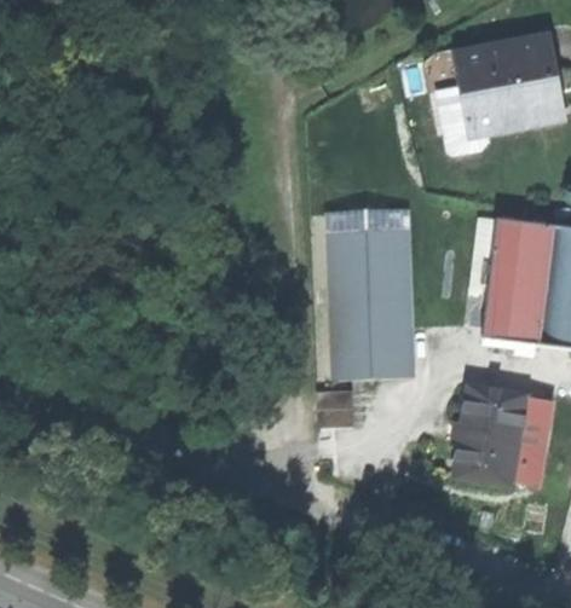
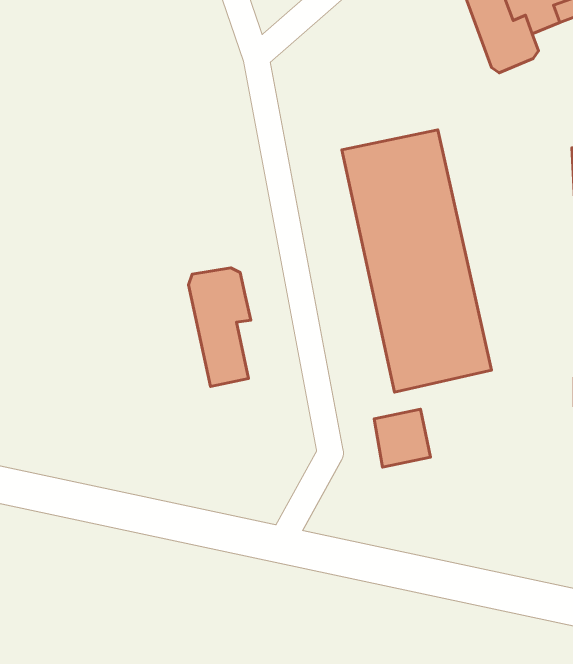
building: none -> [189,268,251,387]

